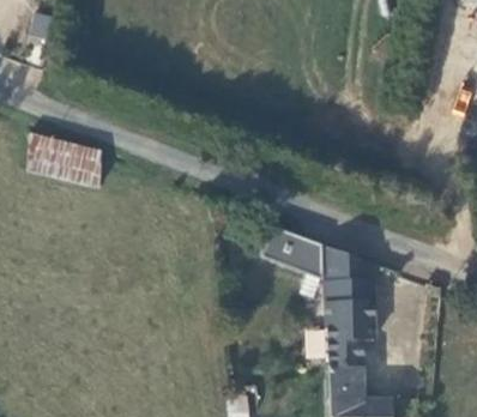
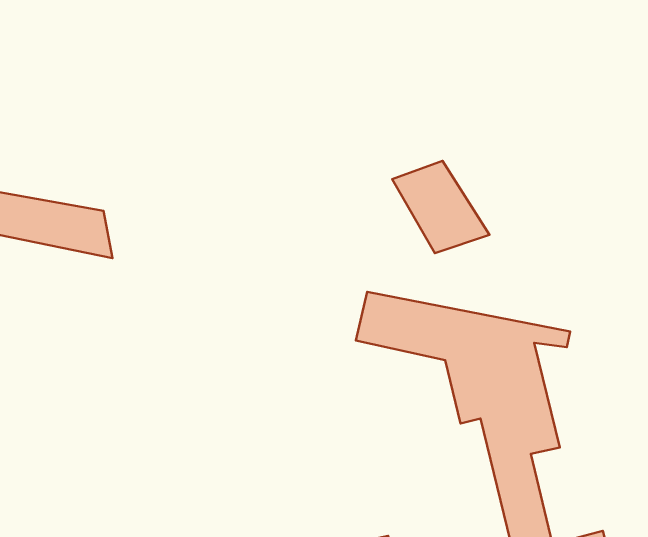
building: none -> [392,161,490,253]

